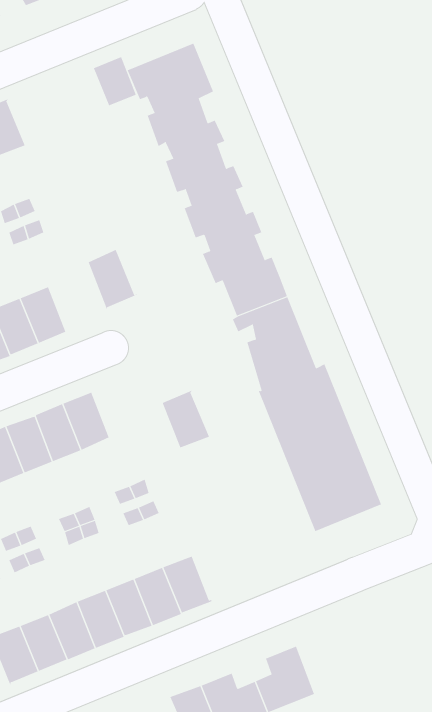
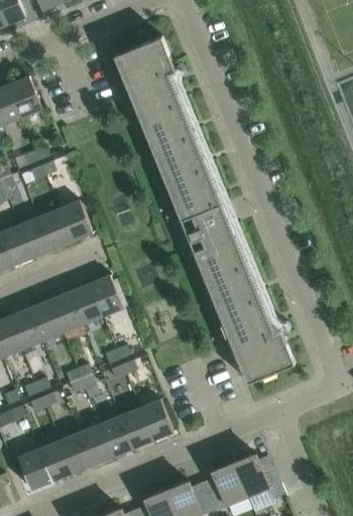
building: [93,55,137,106] -> none
building: [88,249,138,309] -> [57,201,93,243]
building: [161,390,210,448] -> [88,275,122,316]
building: none -> [233,456,284,499]

